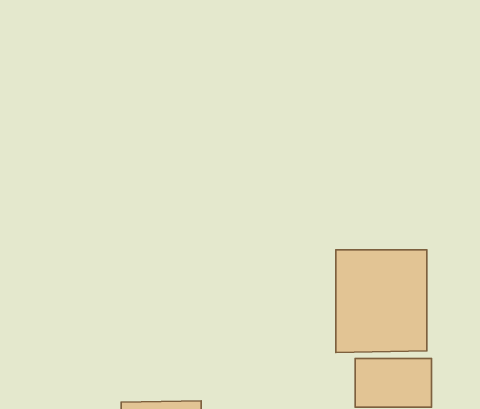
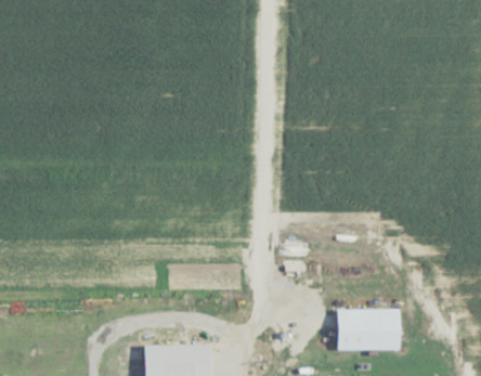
building: [336,250,427,352] -> none

